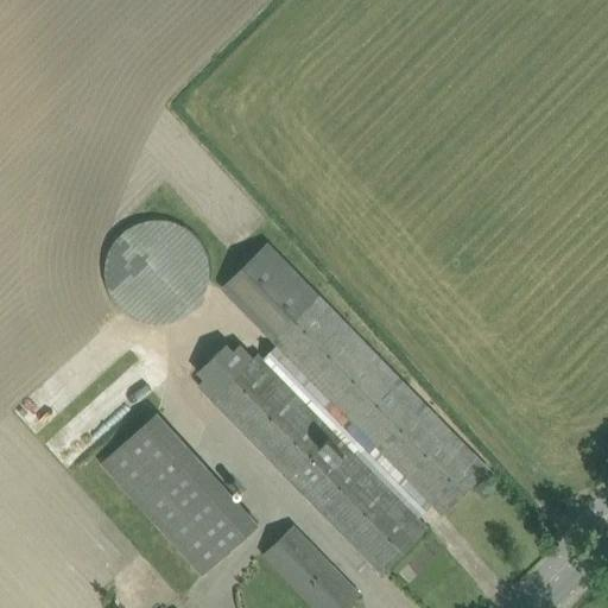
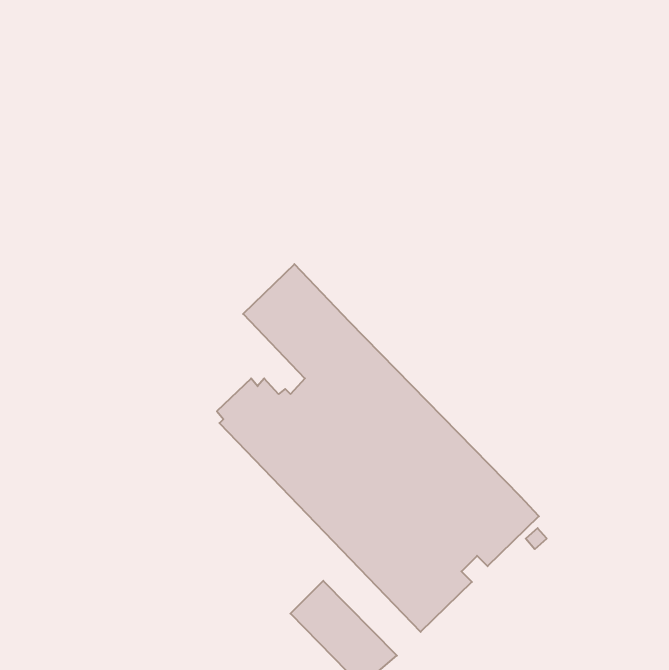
building: [103,220,208,325] -> none
building: [100,413,255,574] -> none

